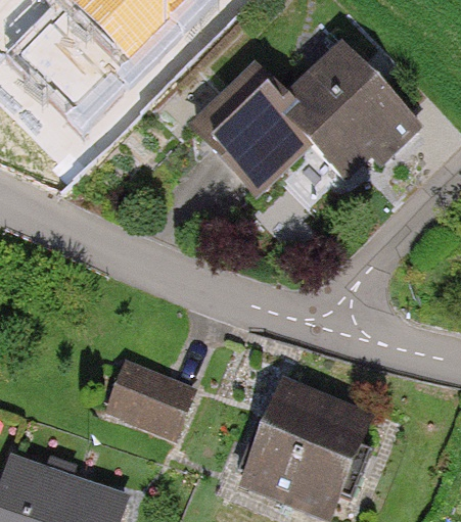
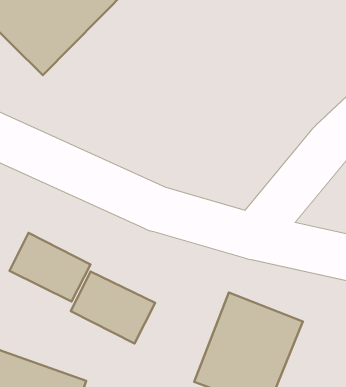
building: [203,46,409,192] -> none
building: none -> [10,233,90,301]

